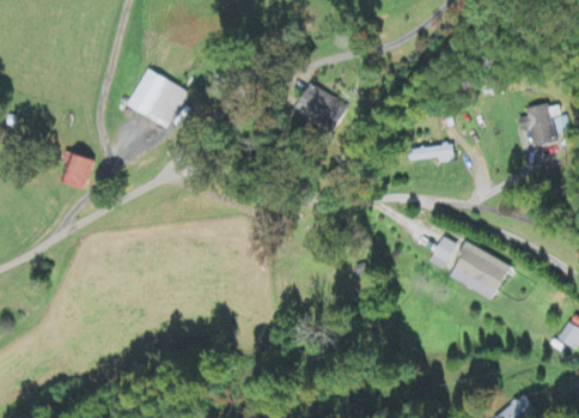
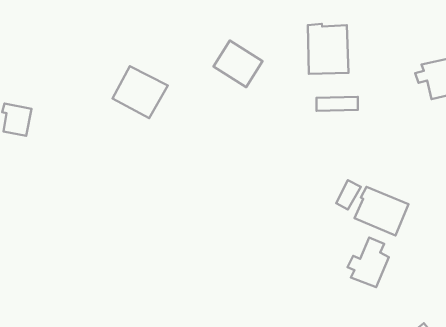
building: none -> [308,24,348,74]
building: [127,69,188,127] -> [112,66,168,118]
building: none -> [348,237,389,287]

